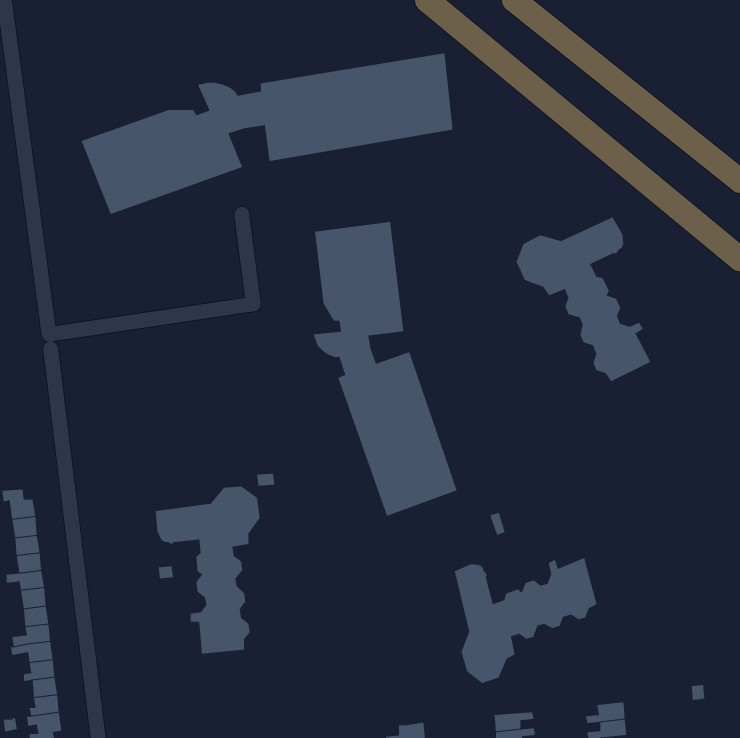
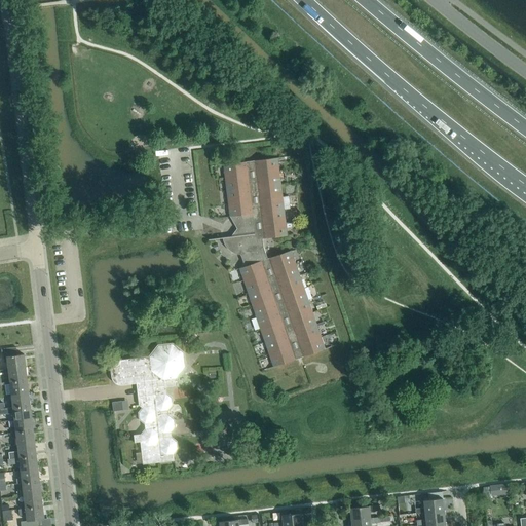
building: [81,52,453,215] -> none
building: [516,217,651,382] -> none
building: [454,557,597,684] -> none

